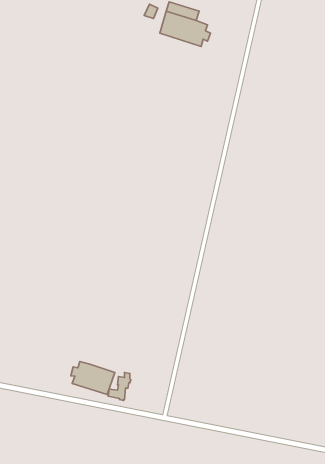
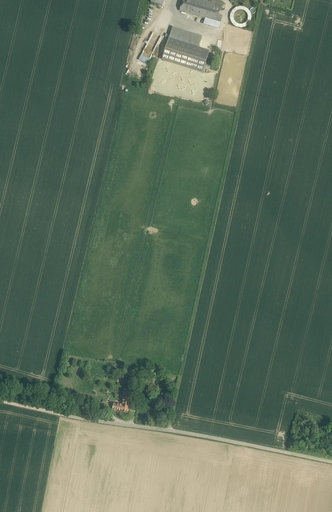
building: [71,361,115,395] -> none

